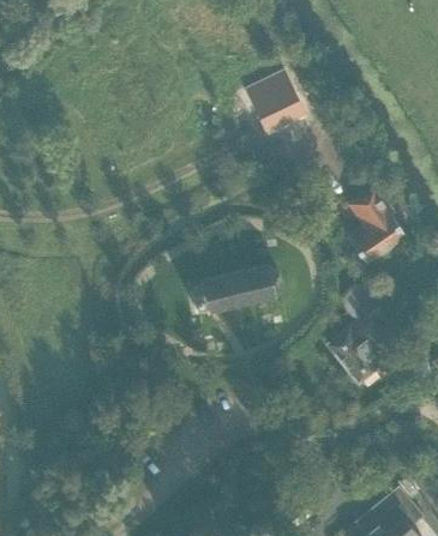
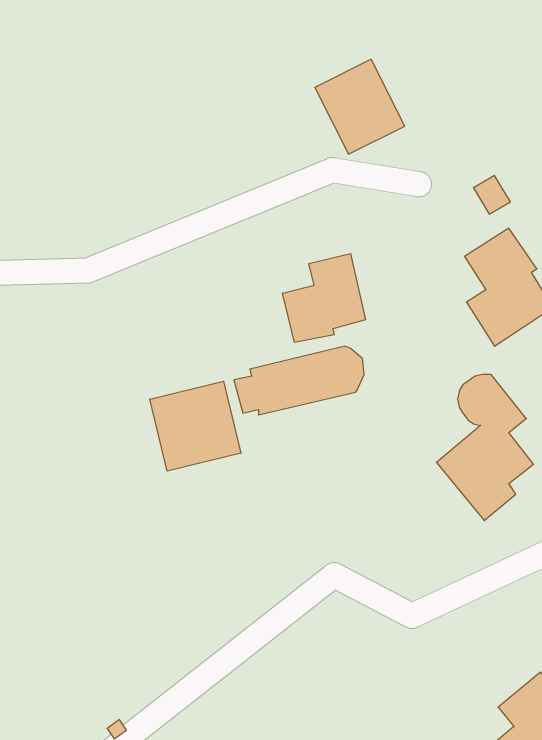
building: none -> [283,254,365,342]
building: none -> [150,381,241,471]

